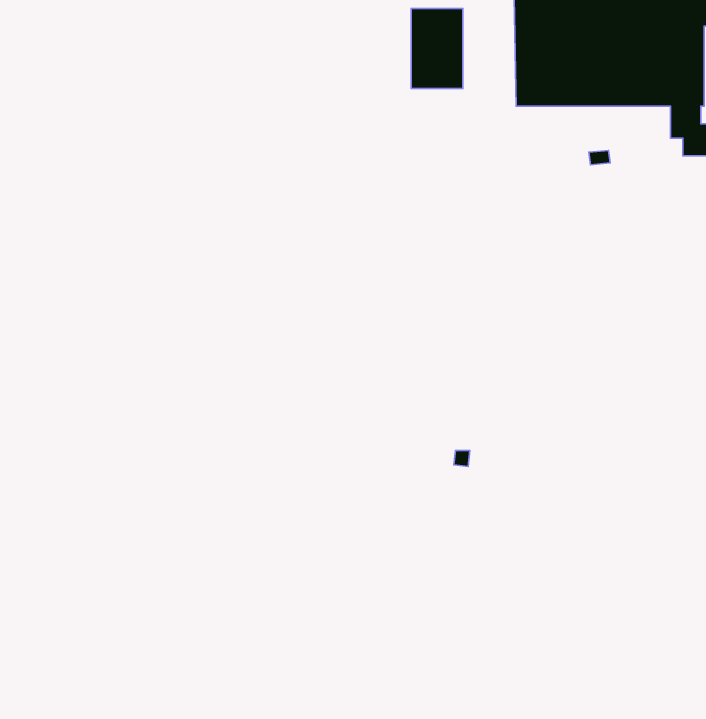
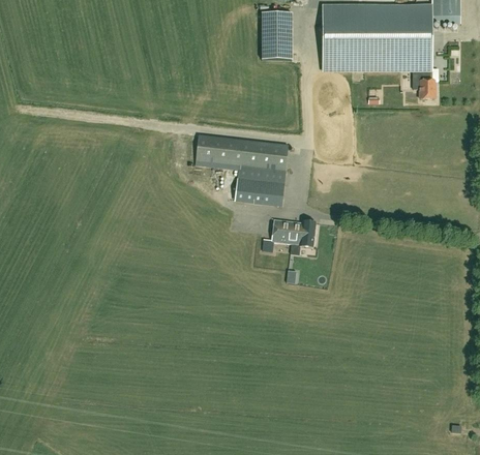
building: none -> [196,134,289,207]
building: none -> [270,218,314,247]

